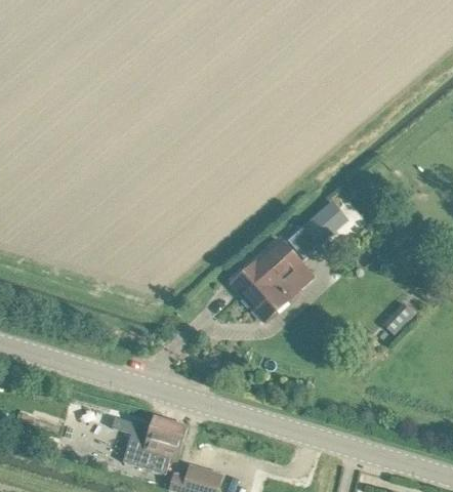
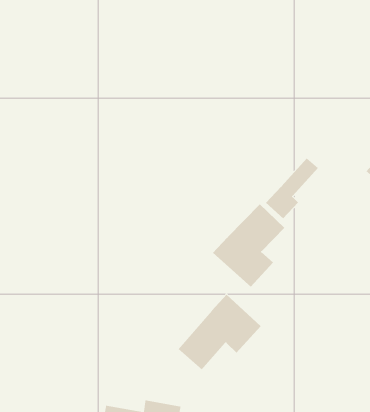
building: none -> [177,294,261,370]

